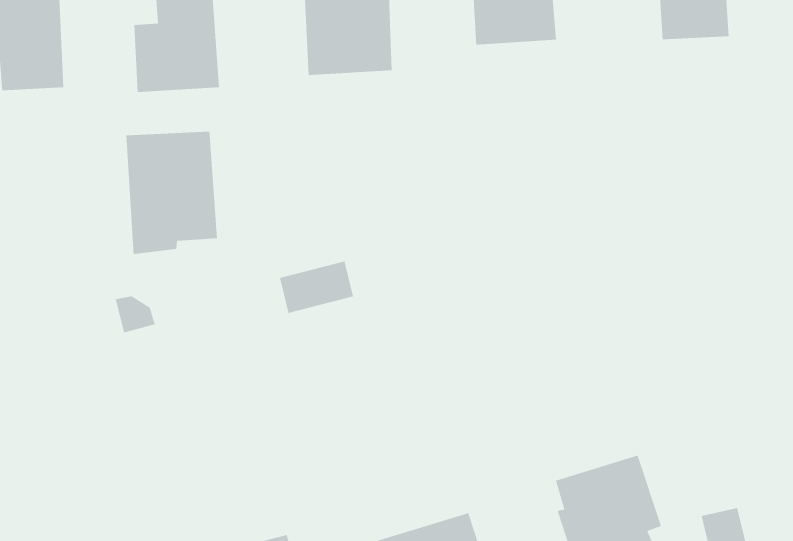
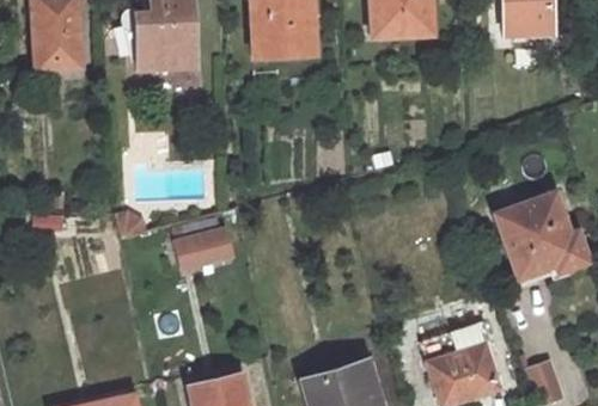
building: [126,131,218,255] -> none
building: [279,261,354,313] -> [175,229,227,266]
building: none -> [496,190,591,272]

